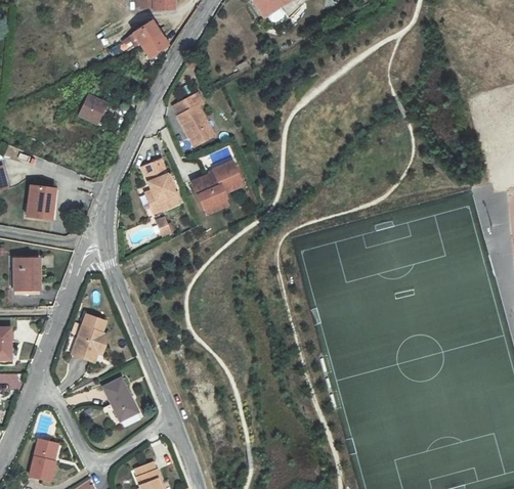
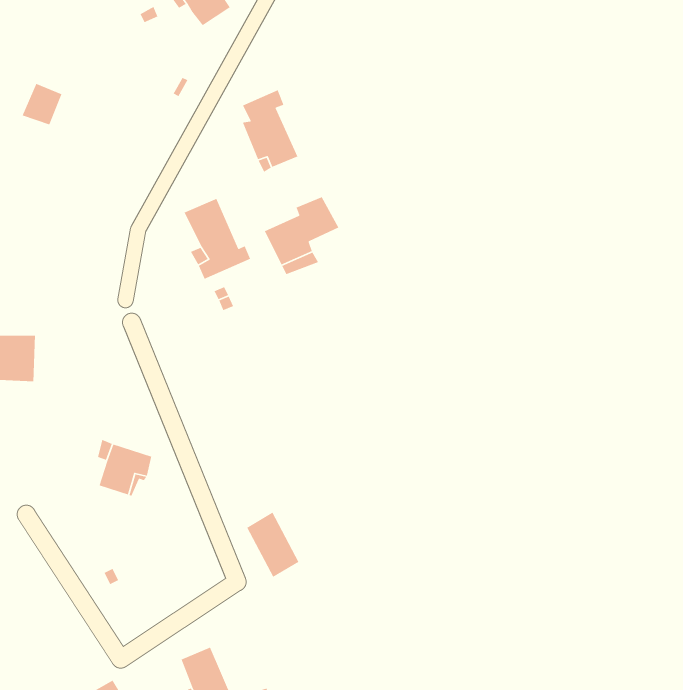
building: [82,91,109,119] -> [22,83,63,125]
building: [35,185,60,218] -> none
building: [105,374,140,417] -> [246,512,300,578]
building: [29,442,53,482] -> none

